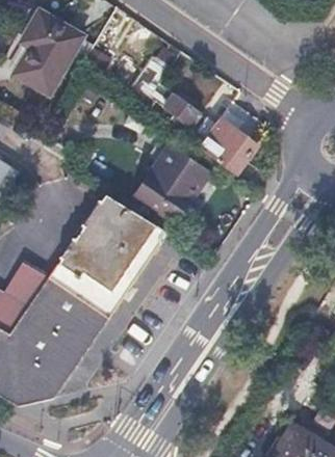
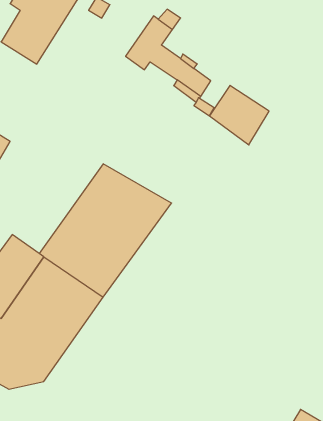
building: [136,143,211,220] -> none

